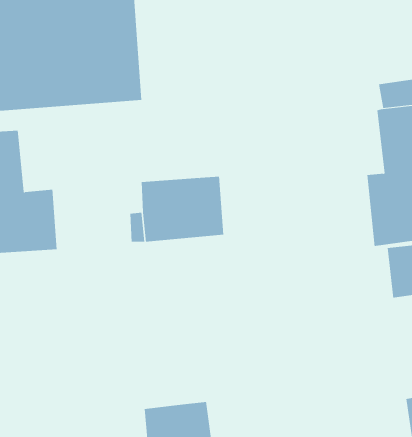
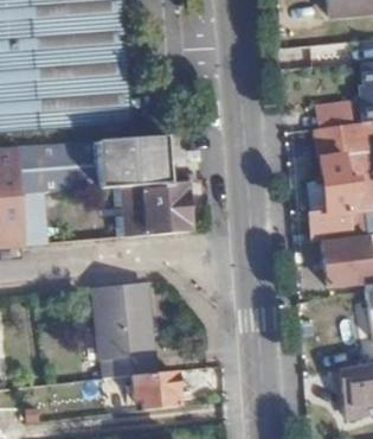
building: none -> [21,133,171,196]
building: none -> [98,282,154,377]

